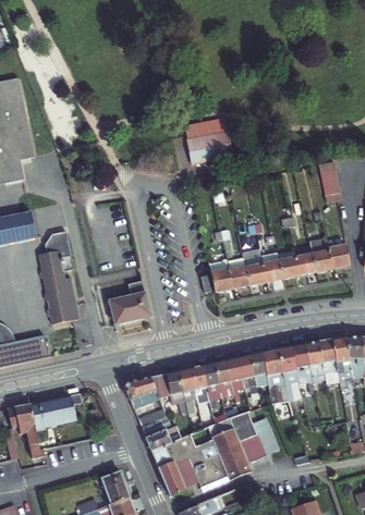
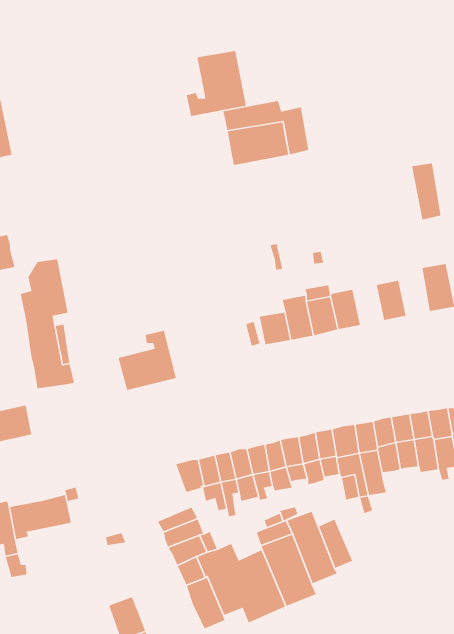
building: none -> [186,50,247,117]
building: [309,237,332,271] -> none
building: [278,249,300,278] -> none
building: [124,377,158,407] -> none

